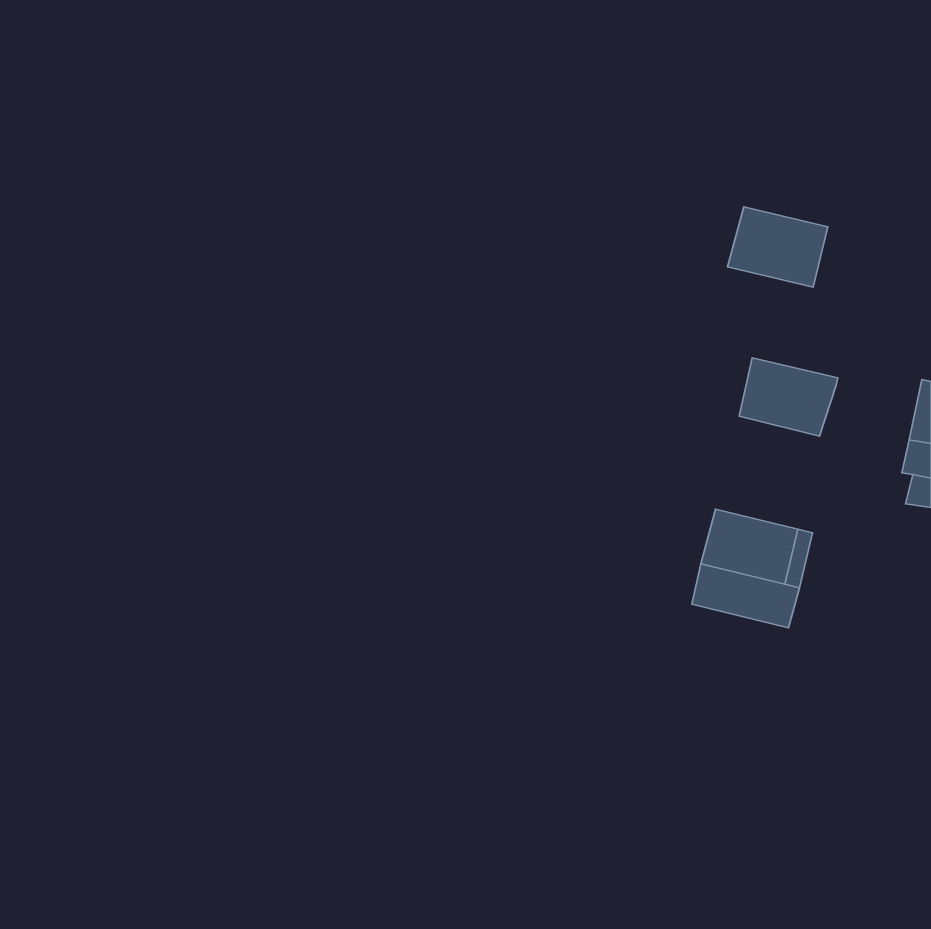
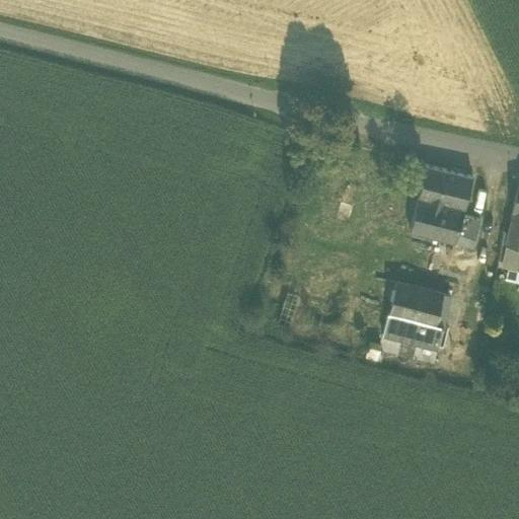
building: [727,207,828,287] -> [418,167,473,212]
building: none -> [455,216,479,249]

